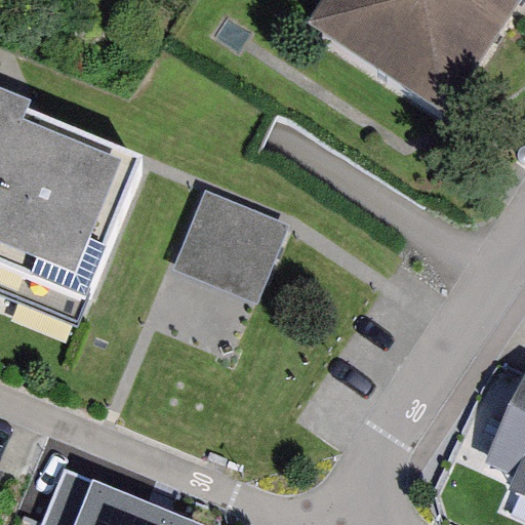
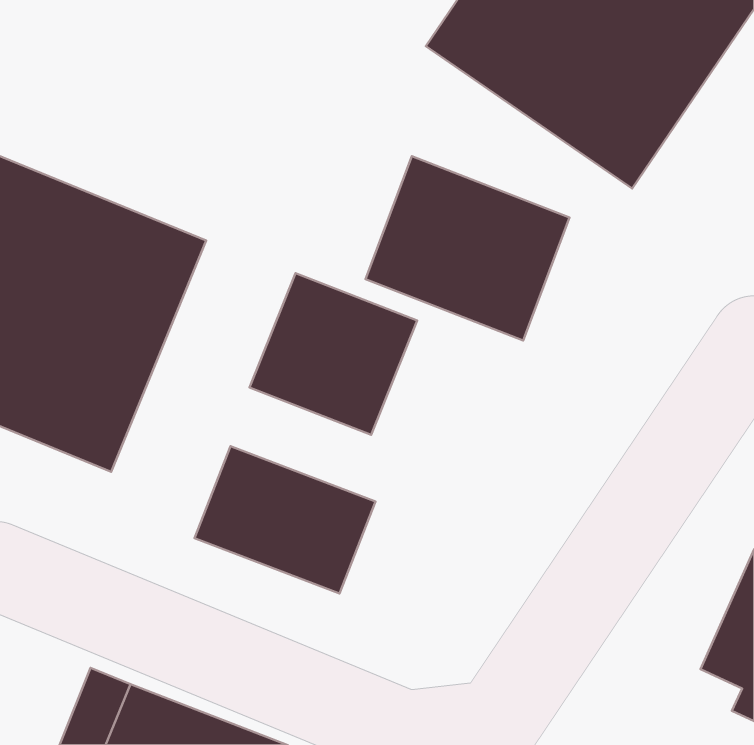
building: none -> [366,156,569,341]
building: none -> [195,446,375,594]

